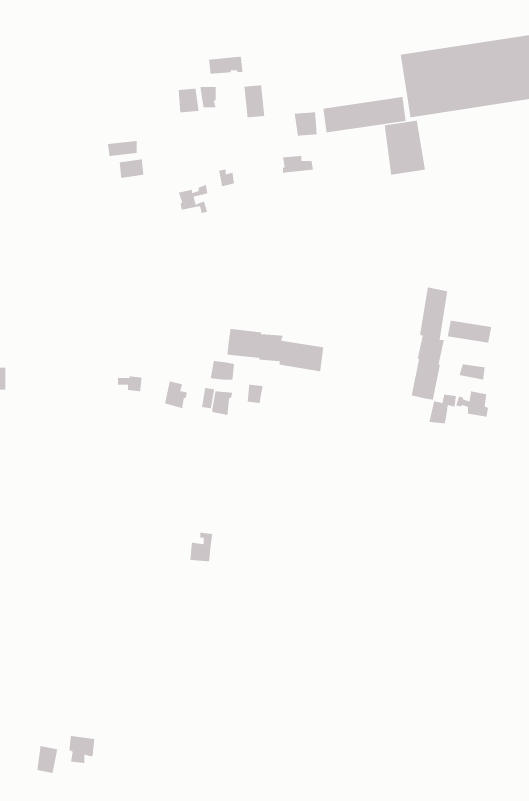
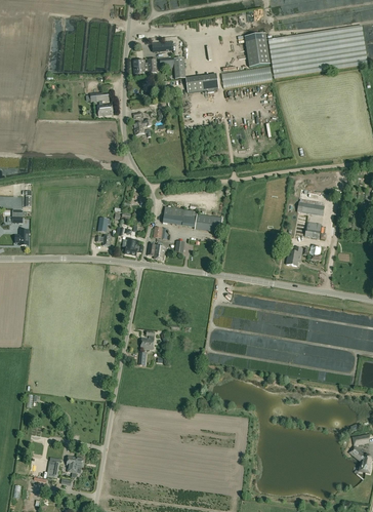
building: [384,120,426,175] -> [245,33,271,67]
building: [411,287,448,401] -> none

